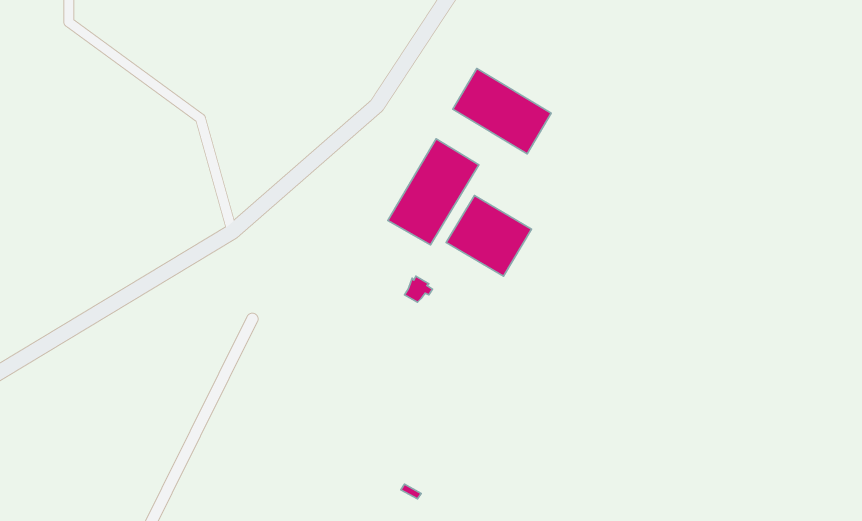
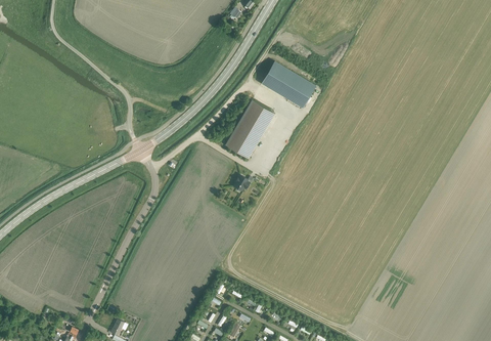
building: [446,195,532,276] -> none

